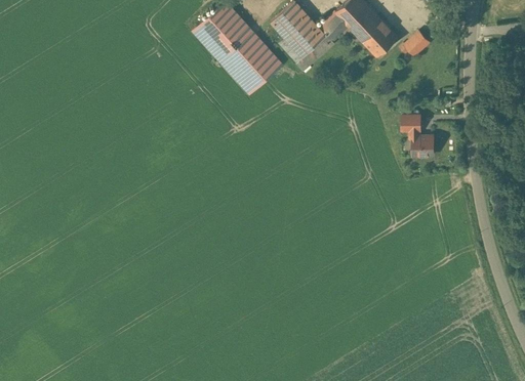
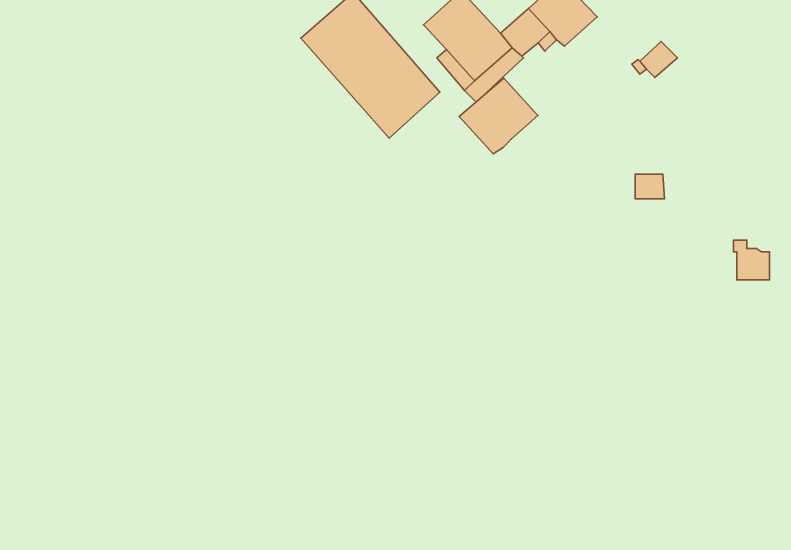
building: [358,17,398,57] -> none
building: none -> [459,78,538,154]
building: [410,131,433,156] -> [734,240,770,280]

